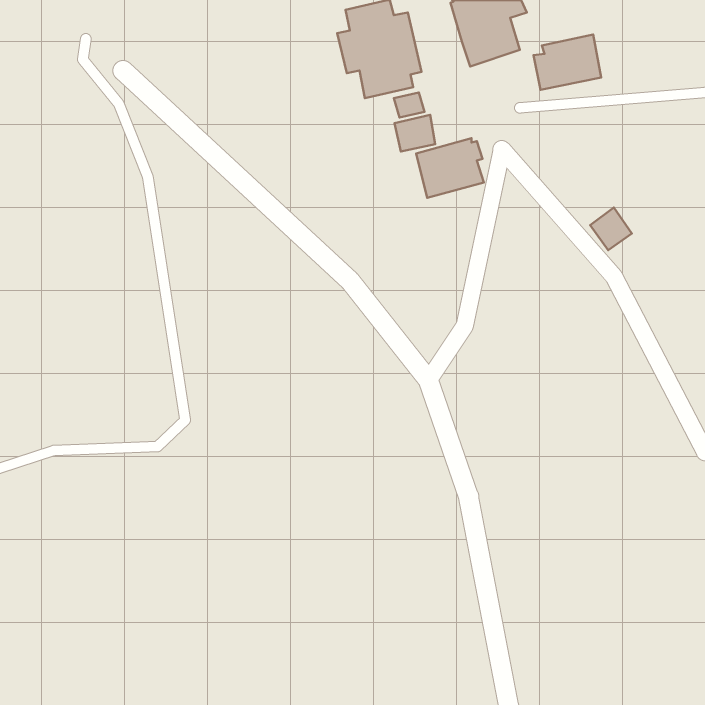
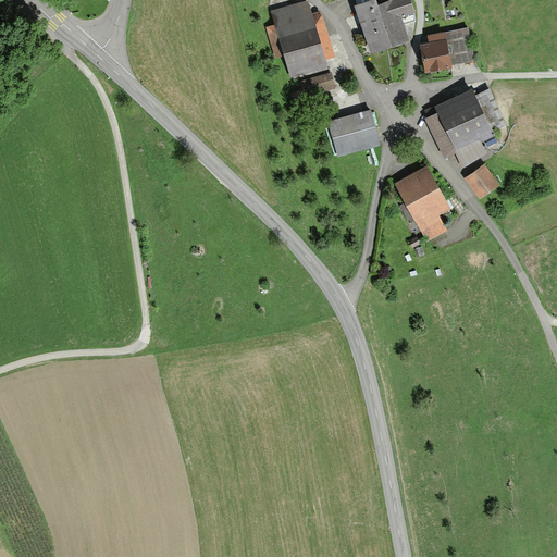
building: none -> [423,89,494,164]
building: [394,115,435,151] -> none
building: none -> [395,165,450,239]

